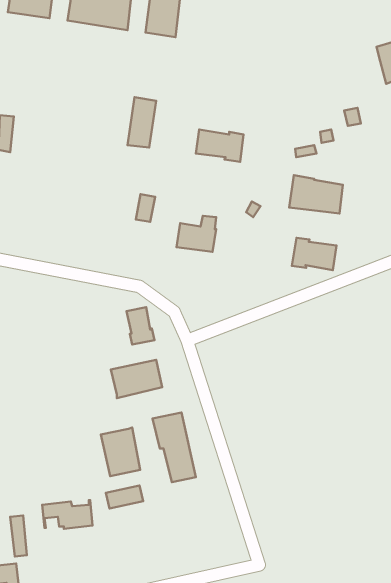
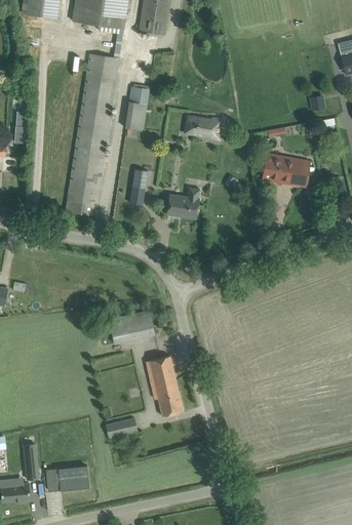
building: none -> [66,53,119,215]
building: [292,238,336,270] -> none
building: [127,307,154,344] -> none
building: [101,427,140,476] -> none
building: [42,500,93,529] -> [46,466,89,490]

